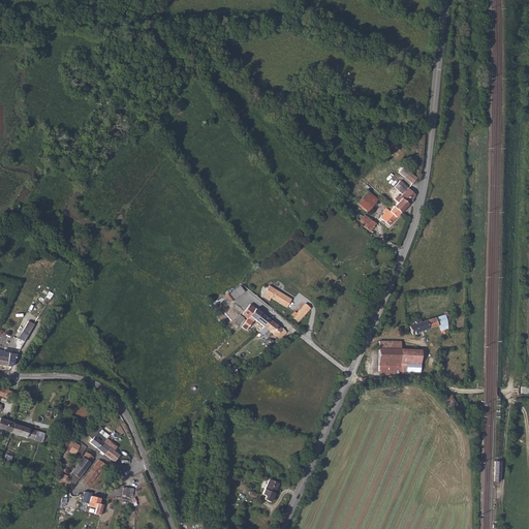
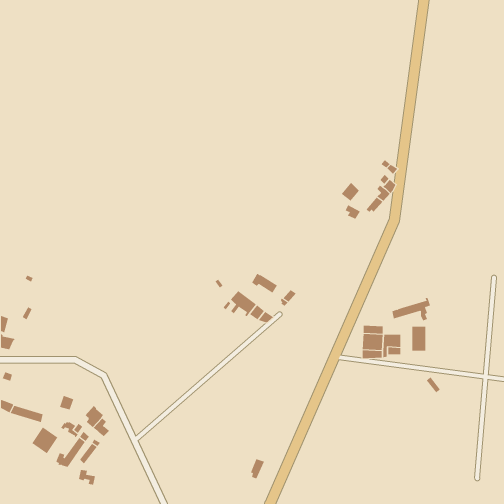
building: none -> [412,326,426,352]
building: none -> [31,427,58,454]

